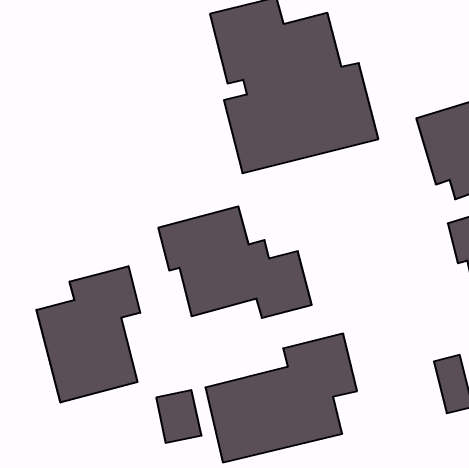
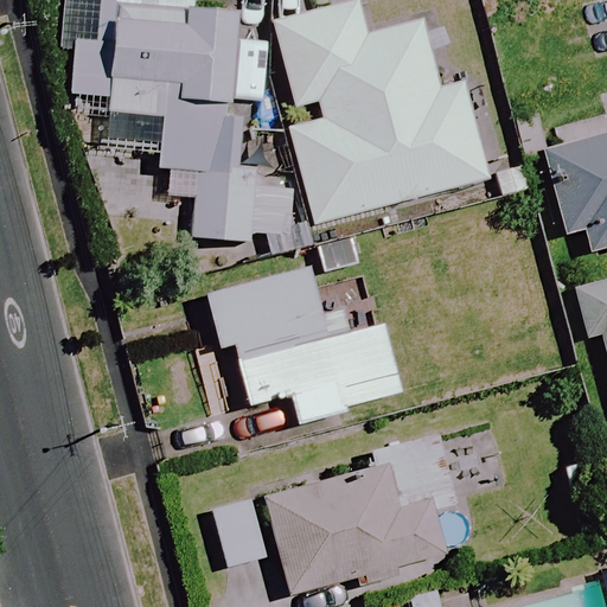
building: none -> [107,7,261,241]
building: [36,266,140,403] -> none

